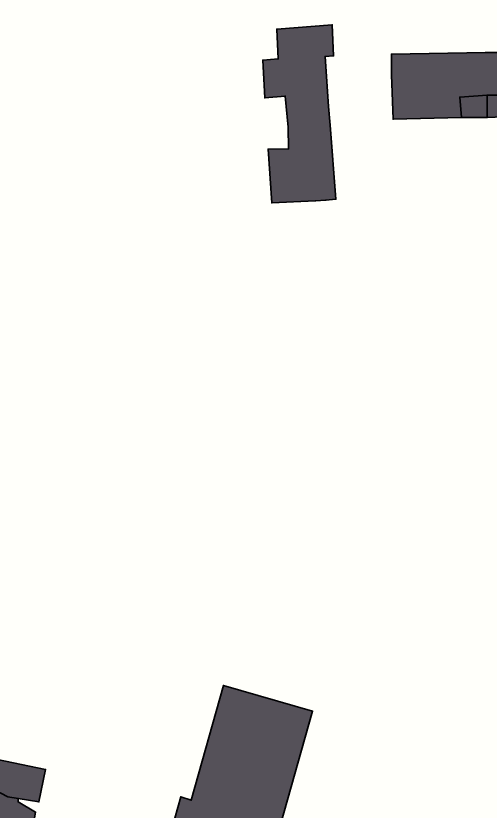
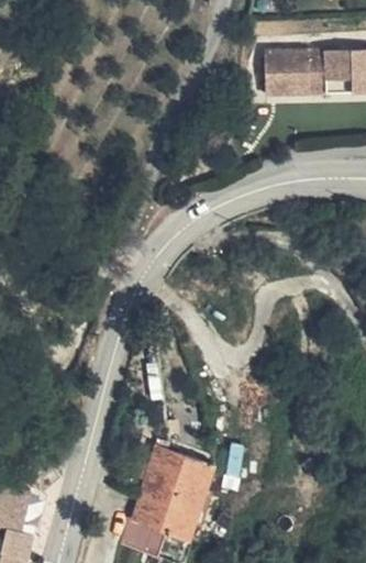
building: [263,25,336,203] -> none

